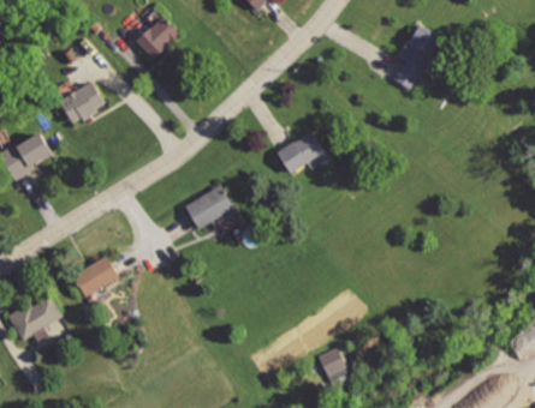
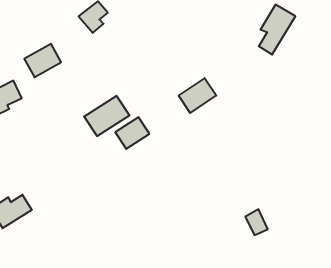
building: none -> [84,96,129,136]
building: [75,256,120,300] -> none
building: [316,347,349,384] -> [245,209,268,235]

